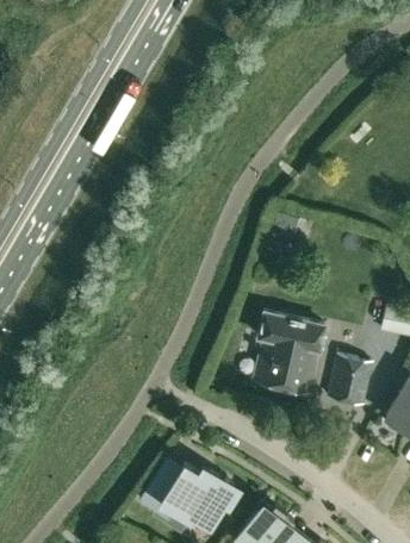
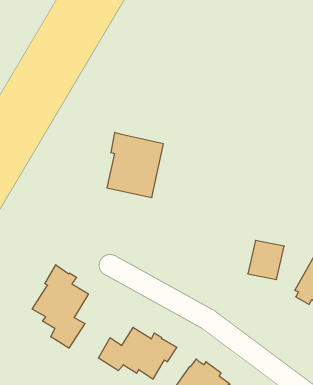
building: [253,312,323,393] -> [107,132,163,197]
building: none -> [32,265,88,348]

